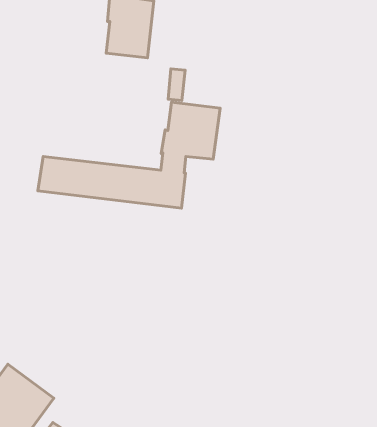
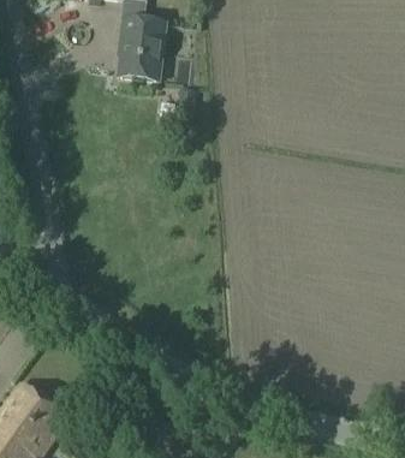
building: [38,102,220,208] -> none

